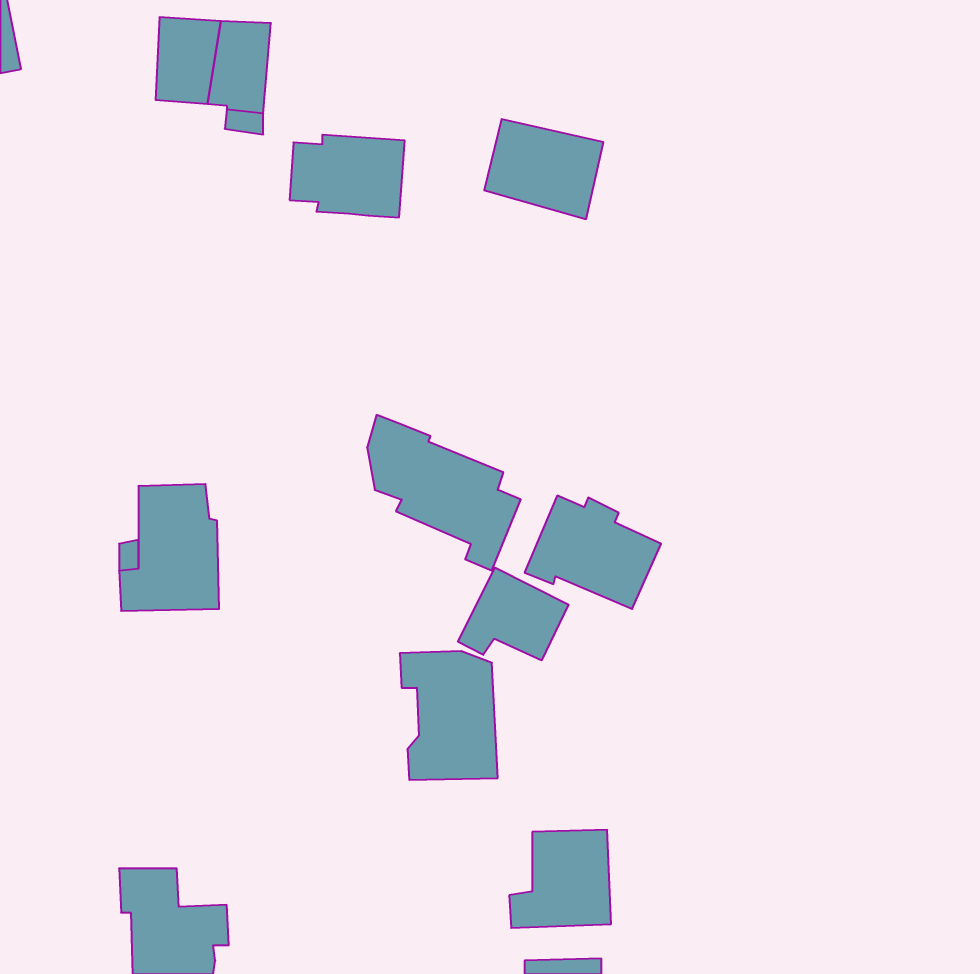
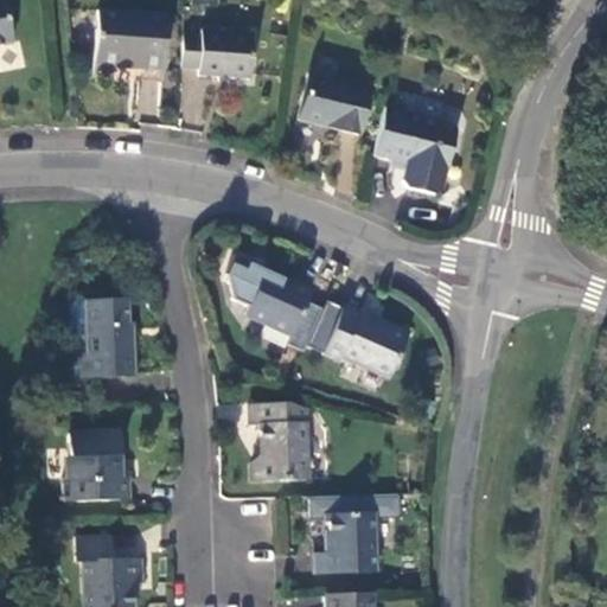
building: [290,135,405,217] -> [184,28,255,79]
building: none -> [375,106,458,193]
building: [458,568,569,660] -> none
building: none -> [60,432,124,503]

